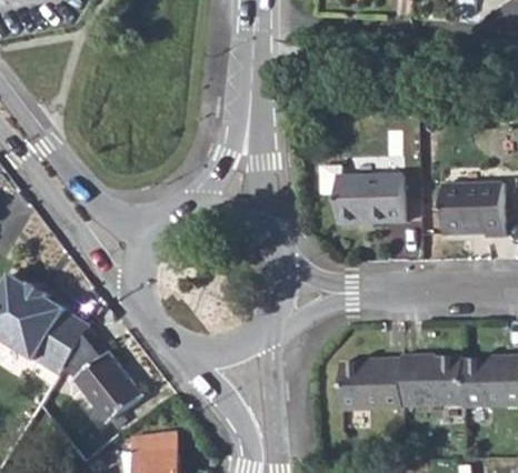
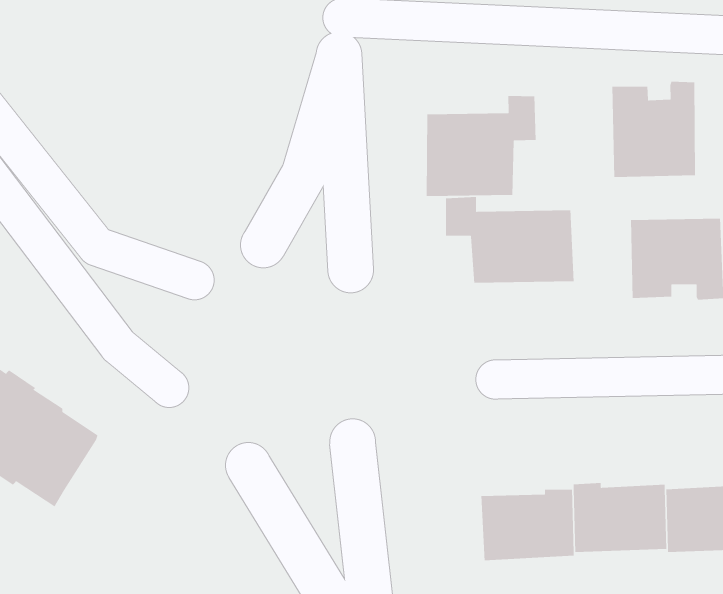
building: none -> [612,81,696,178]
building: none -> [426,95,536,197]
building: [67,330,141,424] -> none

